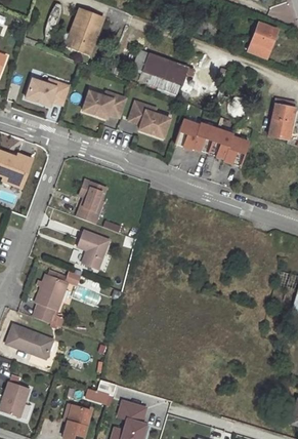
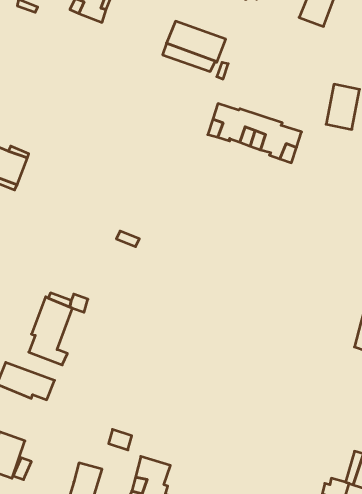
building: [25,78,70,105] -> none
building: [82,90,127,118] -> none
building: [128,101,170,136] -> none
building: [76,181,105,224] -> none
building: [78,231,108,268] -> none

